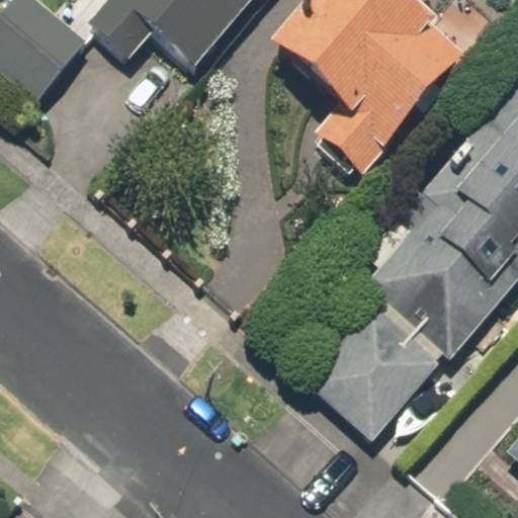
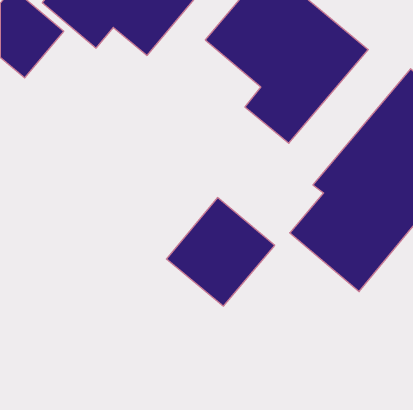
building: [307,305,439,437] -> [166,198,275,306]

